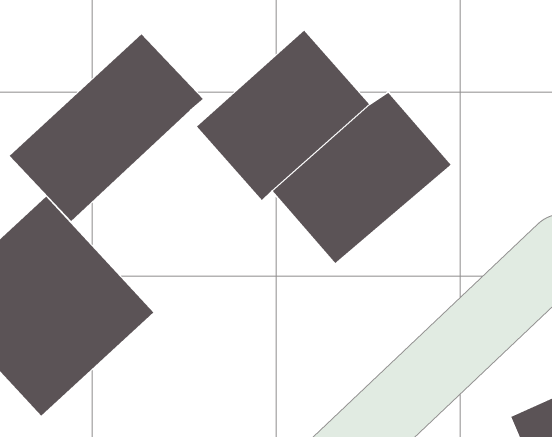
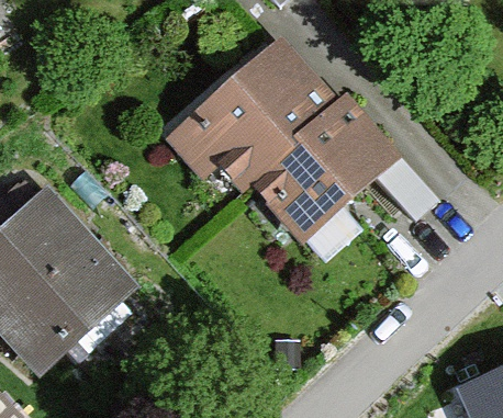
building: [9,33,204,222] -> none

